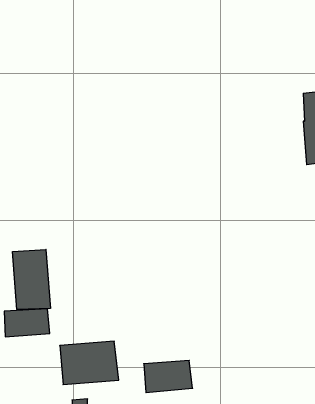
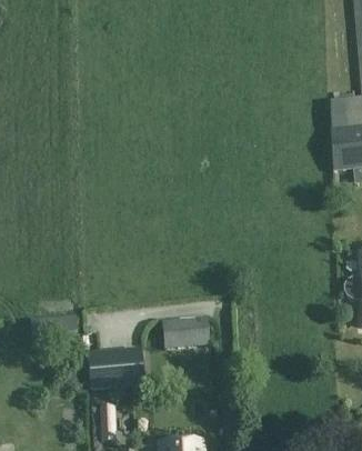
building: [13,249,50,310] -> none
building: [144,360,193,393] -> [161,314,210,347]

